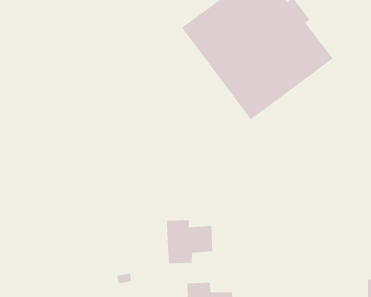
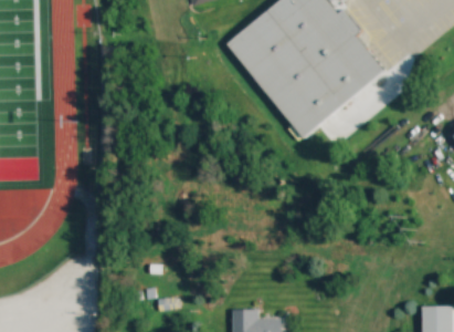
building: [166,219,213,264] -> none

